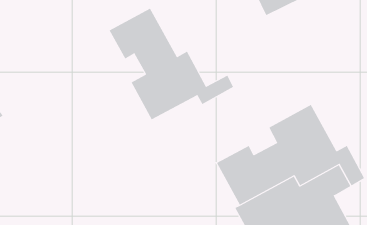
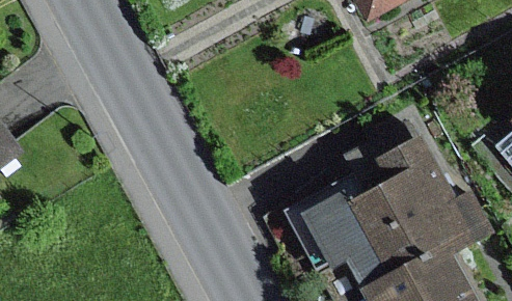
building: [109,8,234,120] -> none

